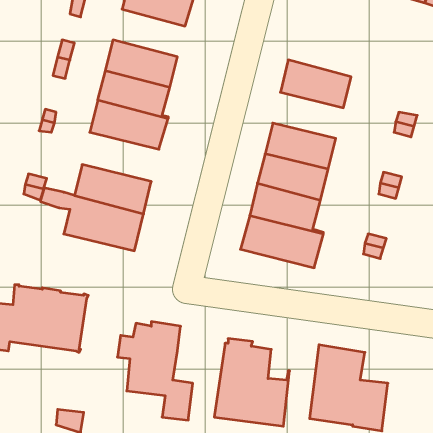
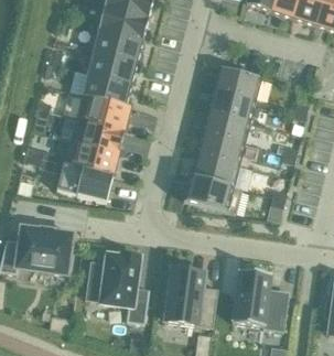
building: none -> [91,28,143,62]
building: none -> [206,87,257,120]
building: none -> [60,114,125,151]

